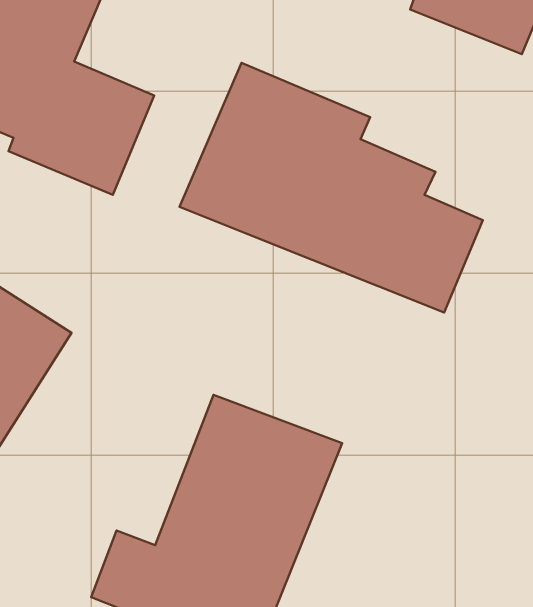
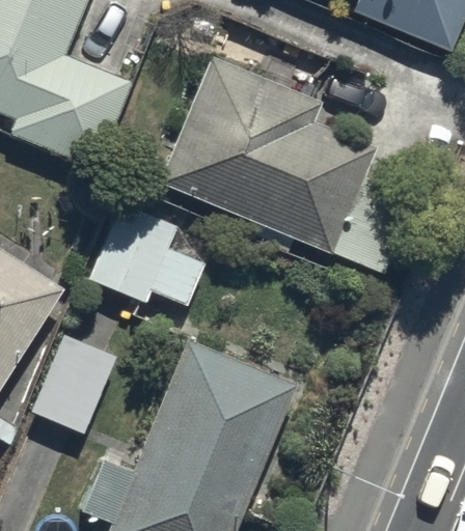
building: none -> [87,200,206,306]
building: none -> [26,325,121,440]

